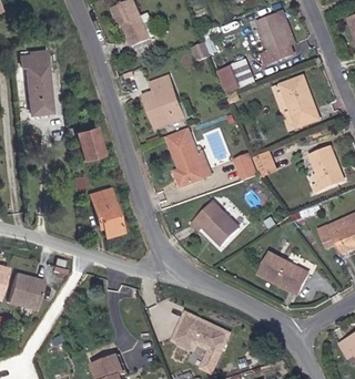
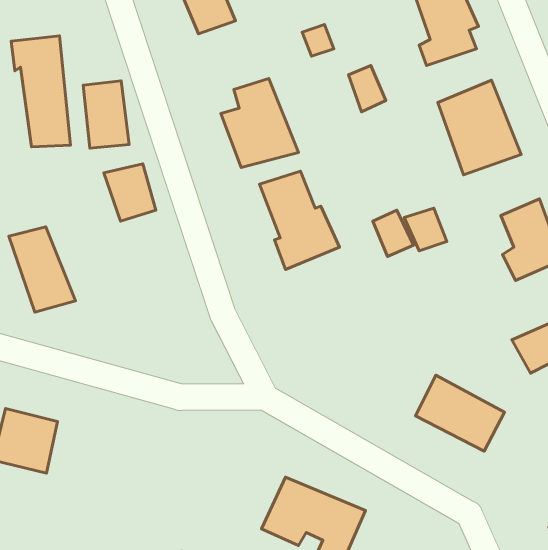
building: none -> [83,81,129,148]
building: [87,186,126,237] -> [9,227,75,312]
building: [190,199,240,245] -> none

